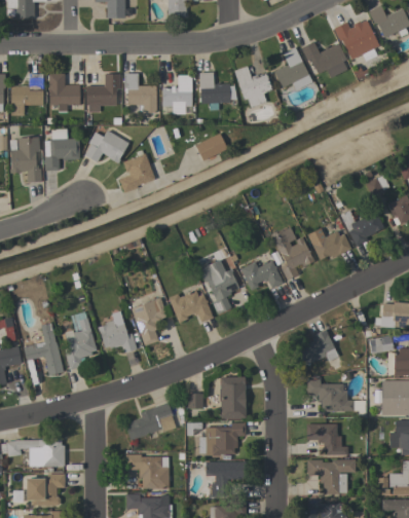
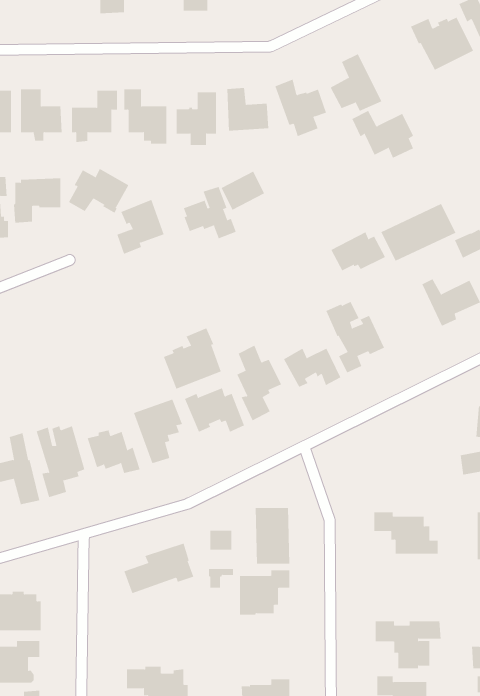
building: [301,41,346,76] -> [352,110,414,158]
building: none -> [183,186,237,239]
building: none -> [380,203,456,261]
building: [311,230,351,259] -> [331,232,386,271]
building: none -> [163,327,222,390]
building: [295,330,342,367] -> none
building: [306,423,347,455] -> none
building: [125,454,169,488] -> none
building: [206,461,246,496] -> none

